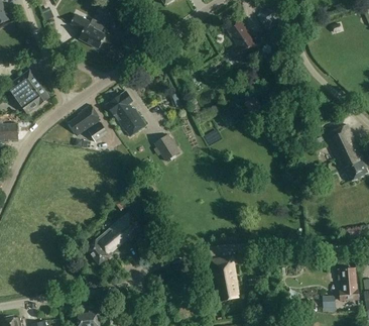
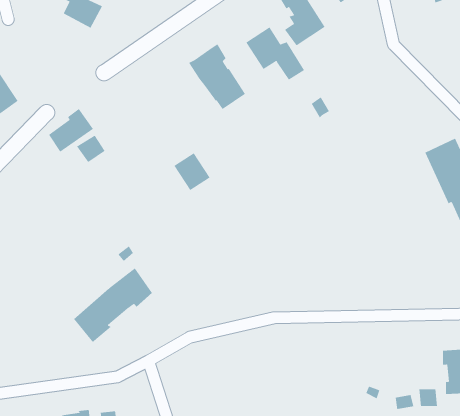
building: none -> [246,26,305,80]
building: [107,90,146,135] -> [188,44,246,110]
building: [210,255,239,300] -> none

